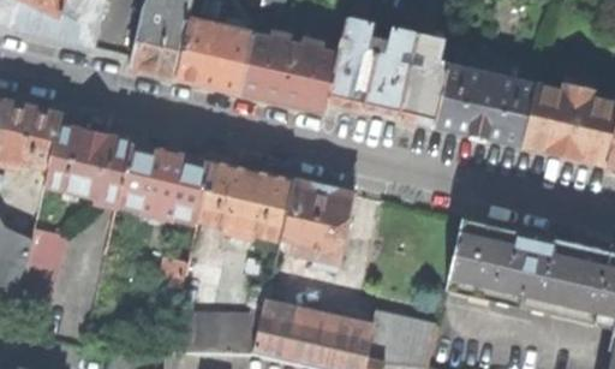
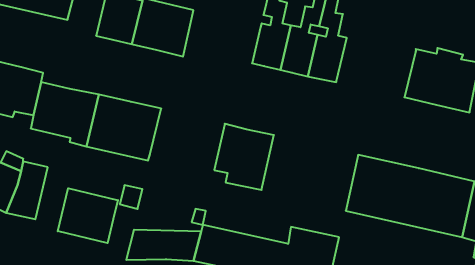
building: [239,32,338,112] -> none
building: [434,65,535,144] -> none
building: [197,159,292,237] -> none
building: none -> [58,188,118,243]

